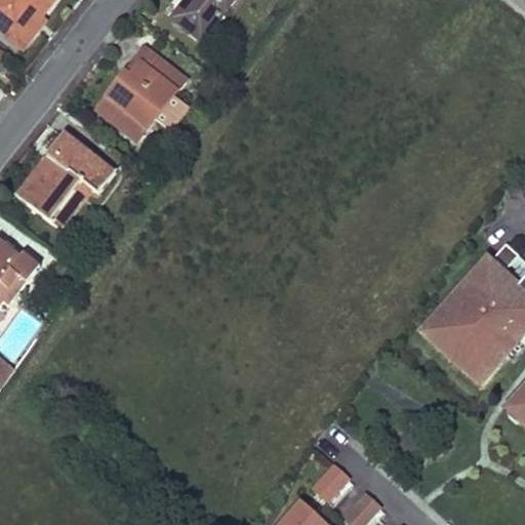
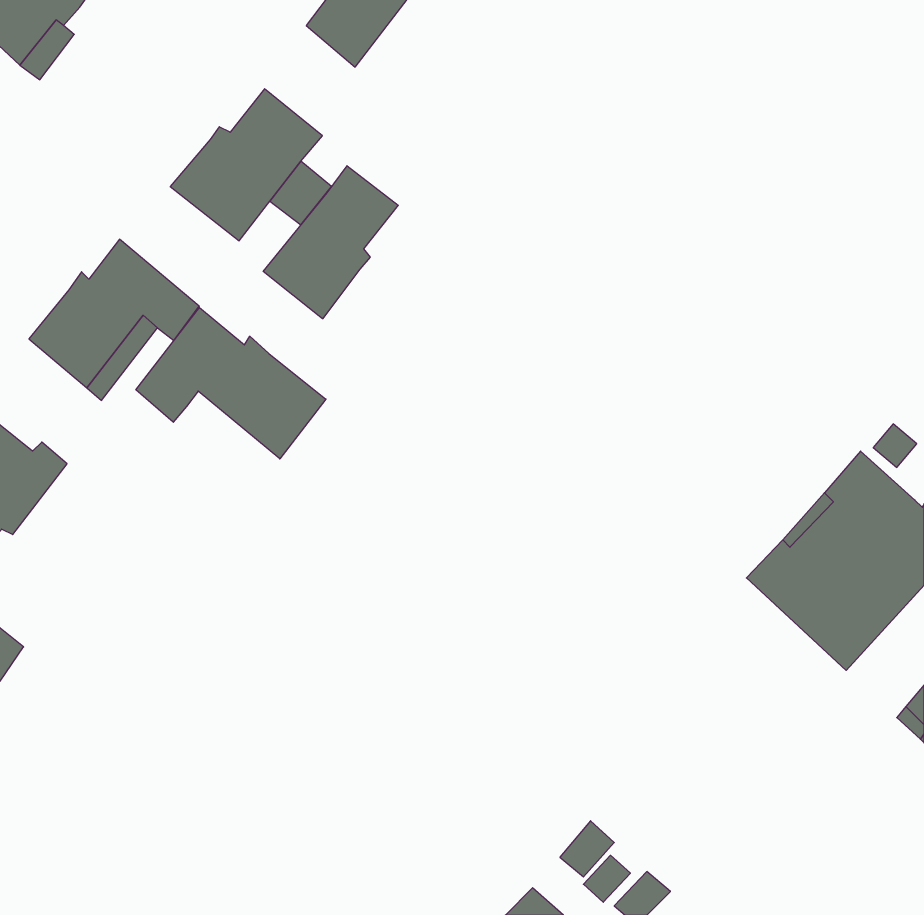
building: none -> [263,166,398,319]
building: none -> [136,308,326,459]

